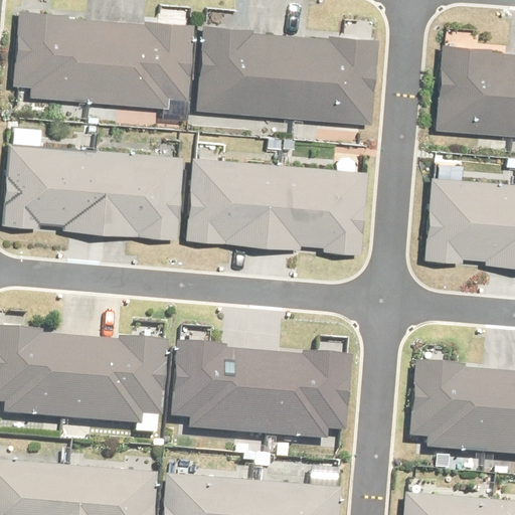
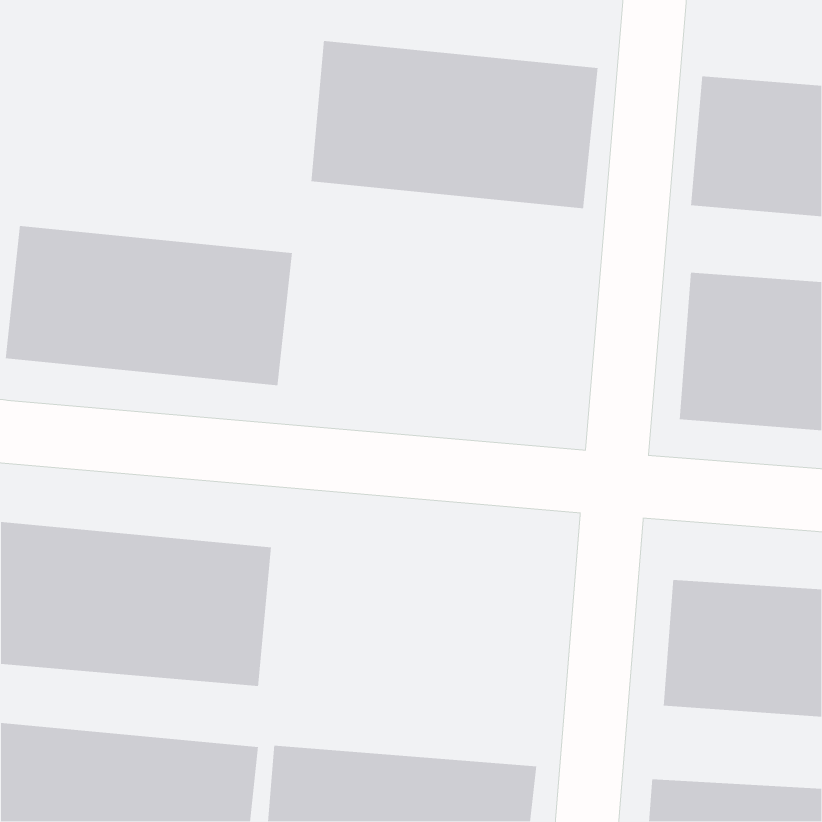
building: [12,9,186,107] -> none
building: [195,160,360,254] -> none
building: [173,345,351,445] -> none

